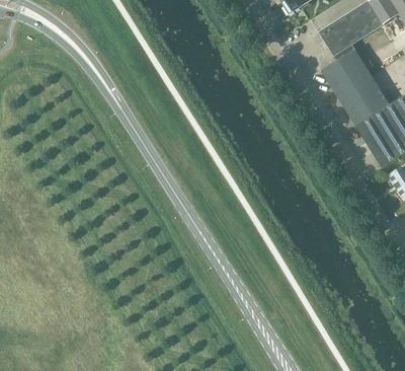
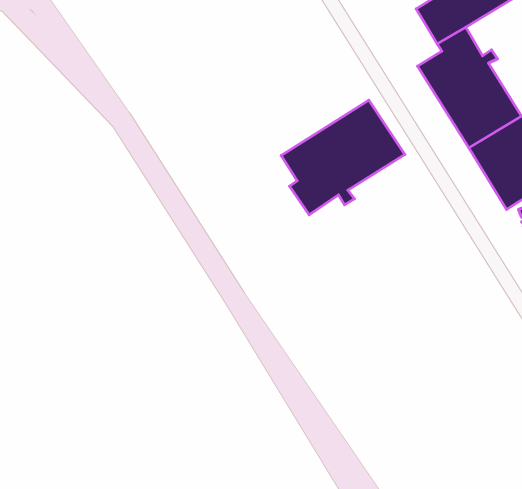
building: none -> [281,100,405,215]

